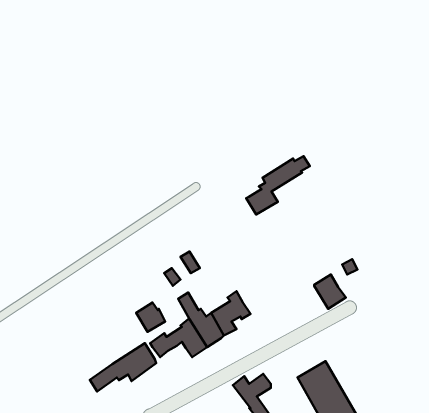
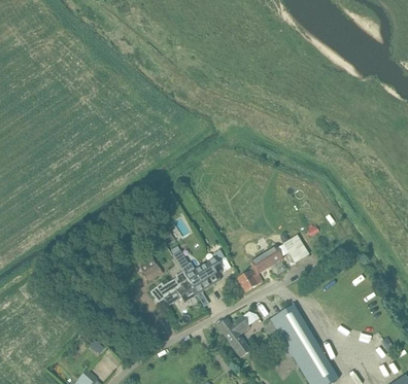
building: [246,156,310,215] -> [238,244,290,291]
building: [90,343,156,391] -> none

